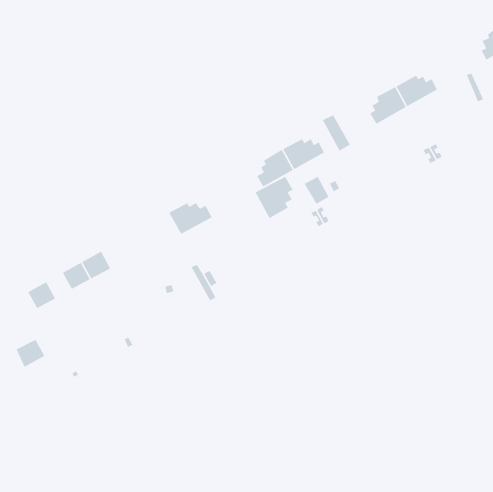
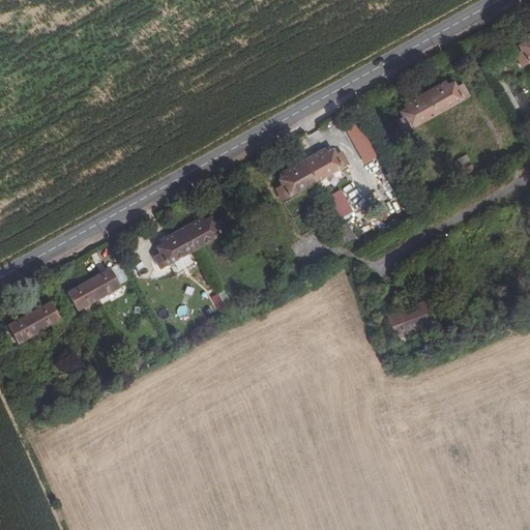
building: [254,176,294,219] -> none
building: none -> [153,228,195,269]
building: none -> [387,299,437,338]
building: [16,339,45,368] -> [8,313,40,344]

